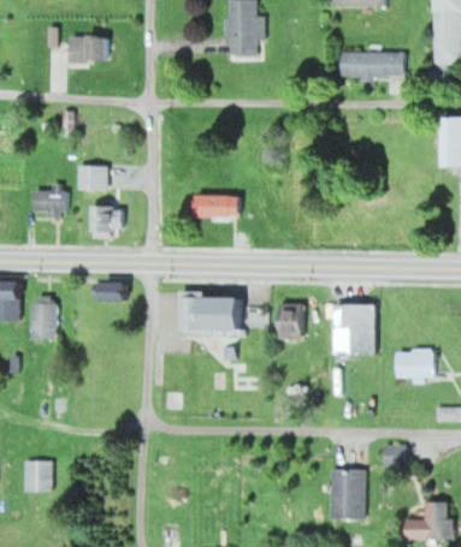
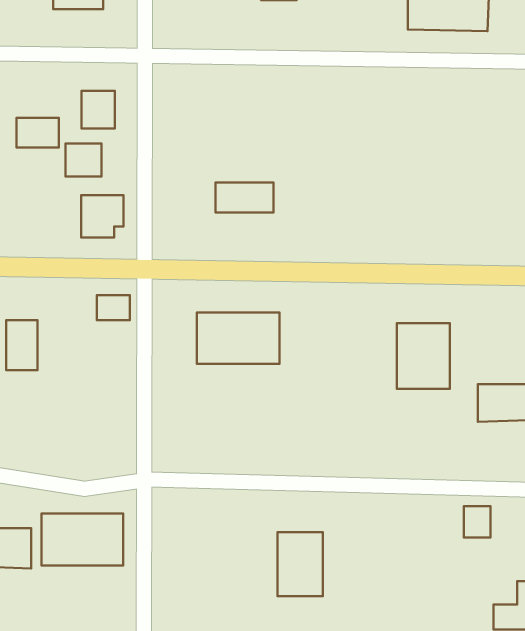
building: none -> [82,91,115,128]
building: [32,190,65,213] -> [16,118,59,147]
building: [279,304,302,341] -> none
building: none -> [42,513,123,566]
building: [330,470,365,519] -> [277,532,323,596]

